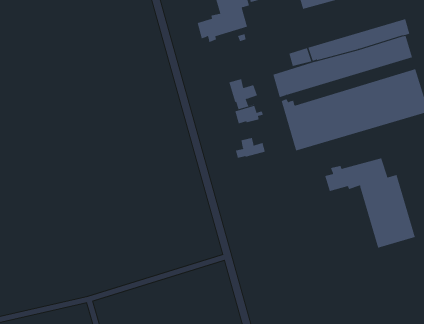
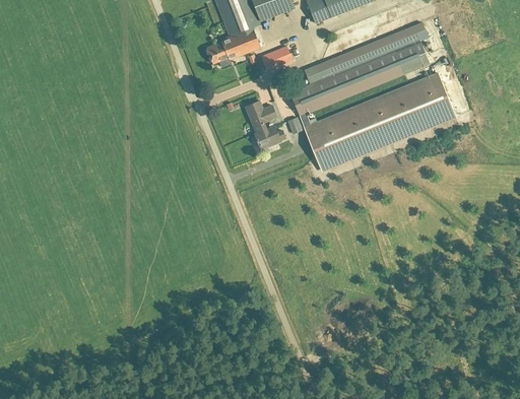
building: none -> [260,46,290,70]
building: [234,137,266,161] -> none
building: [324,157,416,249] -> none

